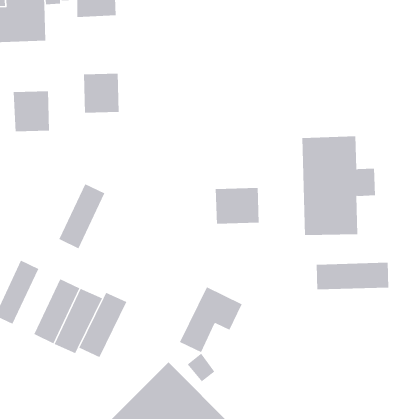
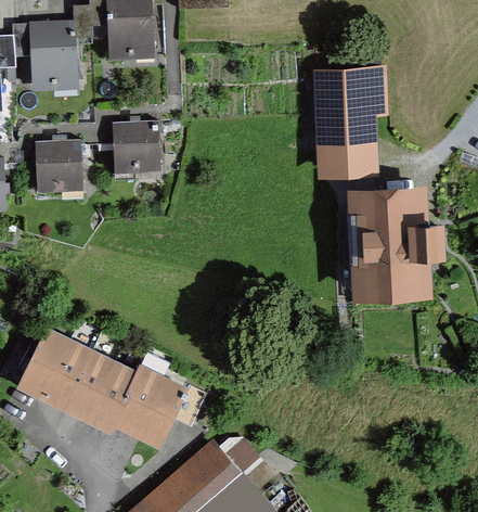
building: none -> [315,73,386,177]
building: [58,183,105,249] -> [37,338,89,411]
building: [215,187,259,224] -> none
building: [316,262,389,290] -> none
building: [179,286,243,353] -> [133,375,204,449]

